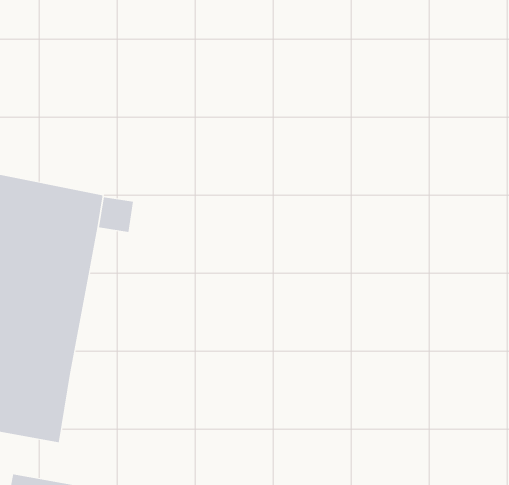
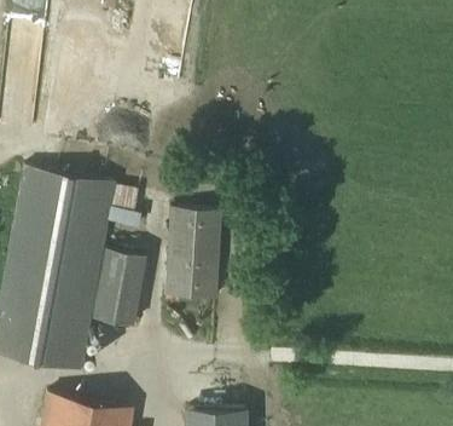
building: none -> [163,207,221,298]
building: none -> [91,247,146,324]

